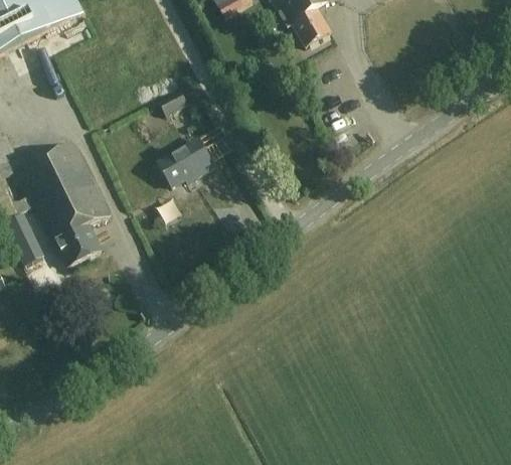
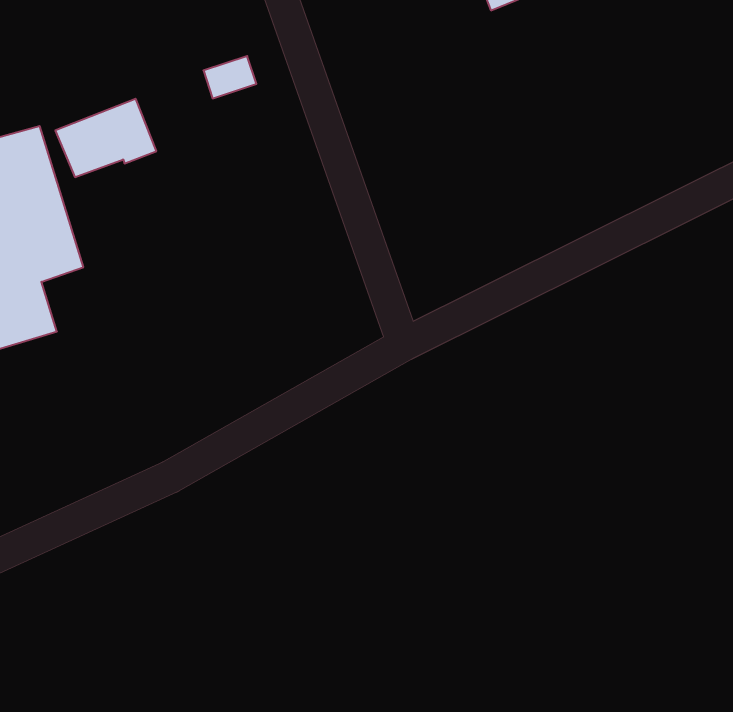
building: [158,136,213,182] -> [55,99,156,177]

